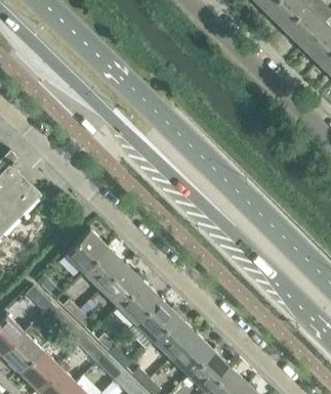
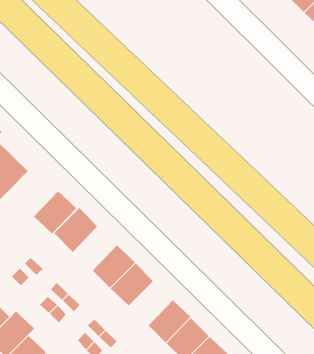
building: [83,248,125,290] -> [33,190,78,235]
building: [135,299,177,341] -> none

